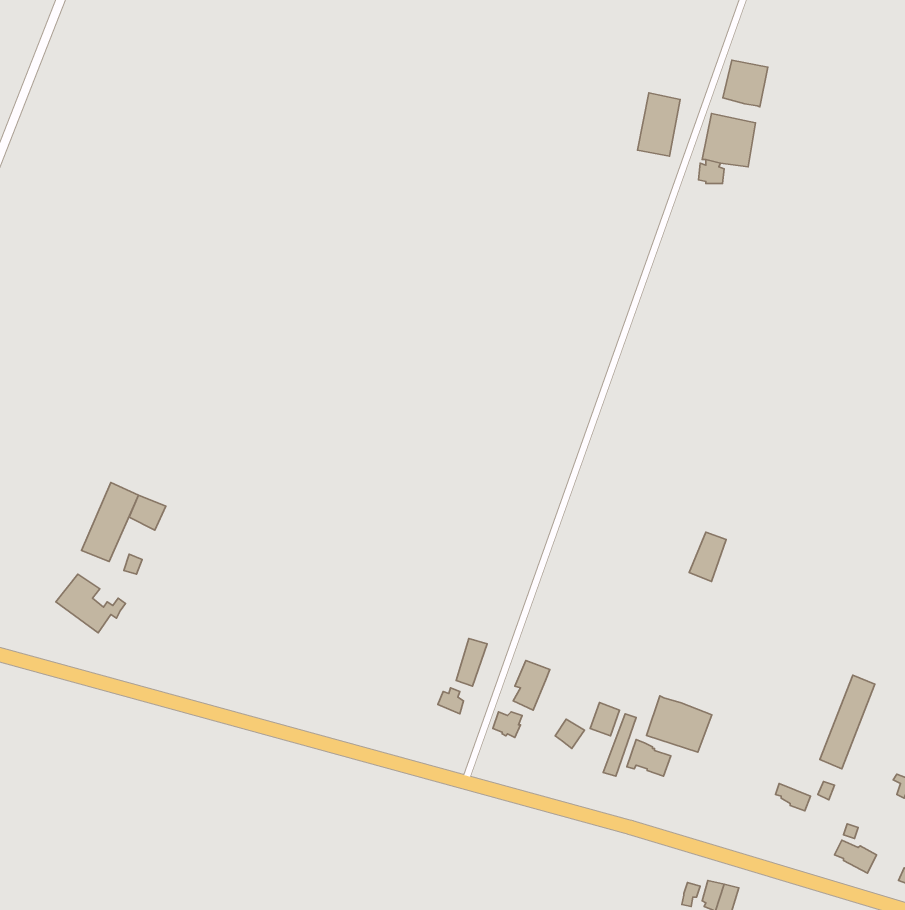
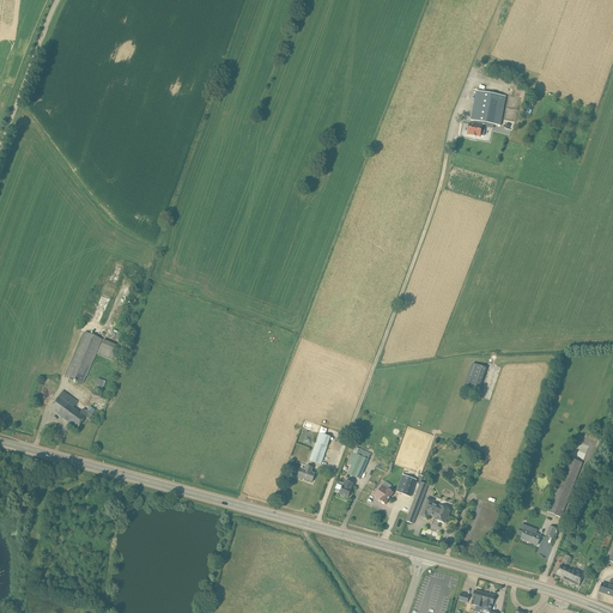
building: [723,60,768,107] -> none
building: [637,93,680,156] -> none
building: [647,696,712,752] -> none

